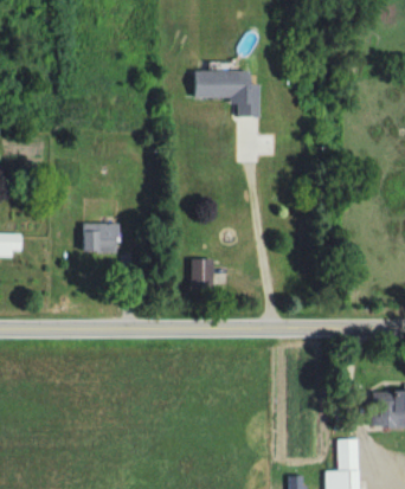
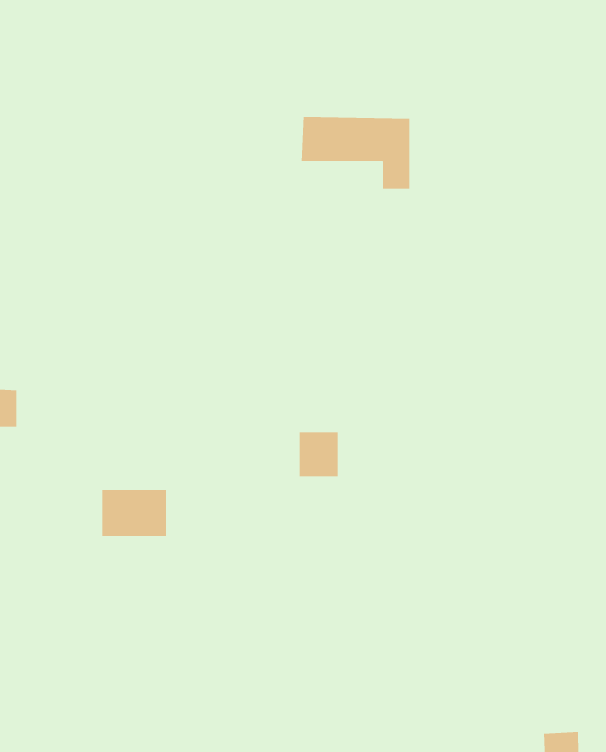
building: [83,224,122,252] -> [101,489,167,537]

